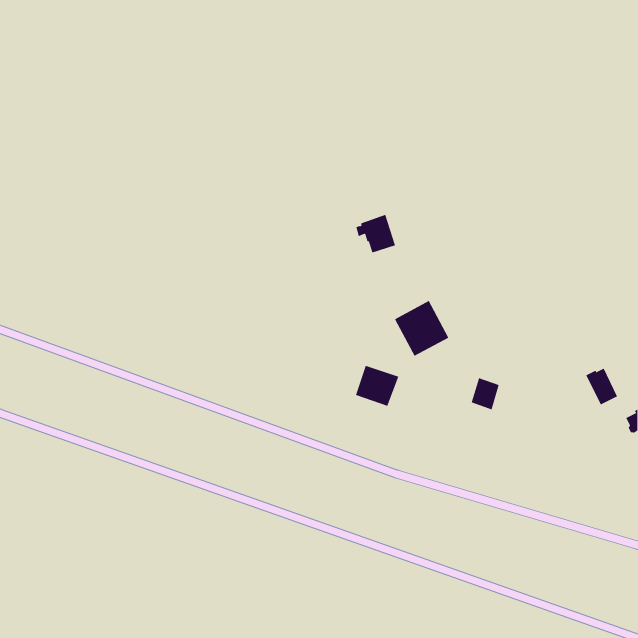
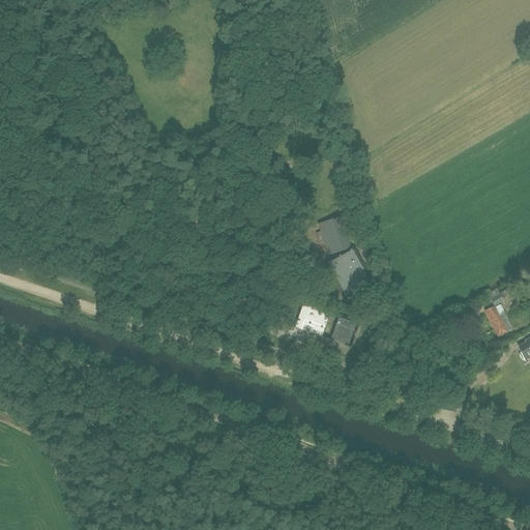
building: [356,214,396,253] -> [316,222,349,254]
building: [471,377,500,410] -> [331,317,355,344]

